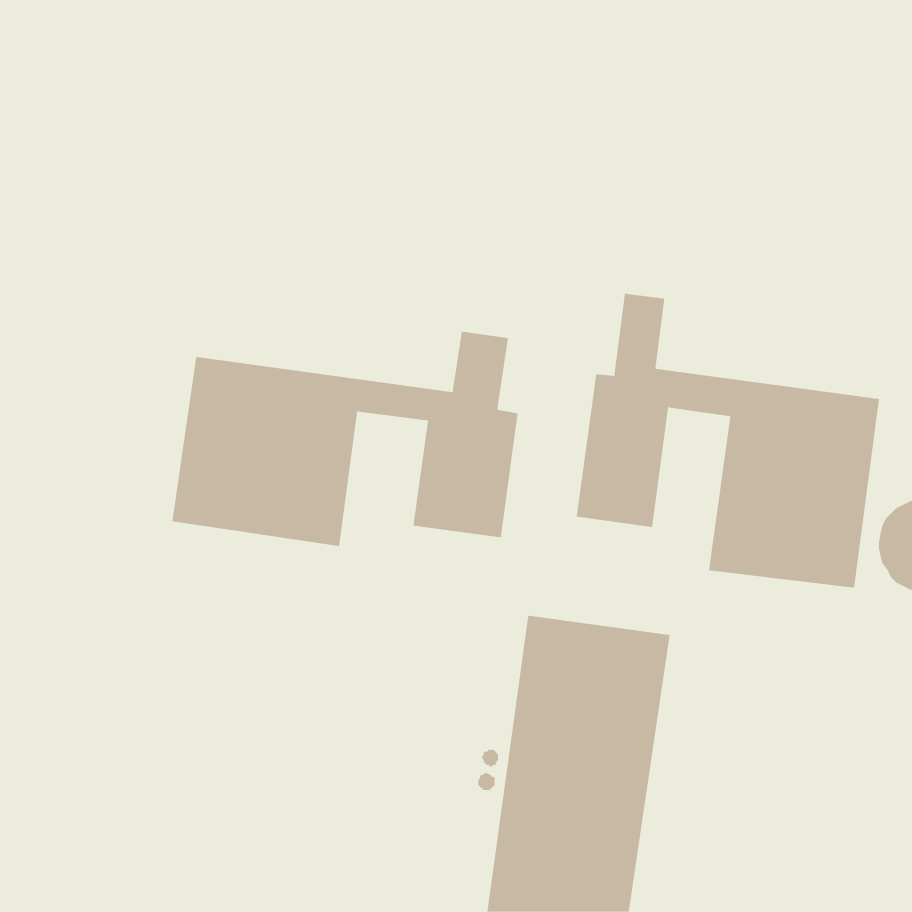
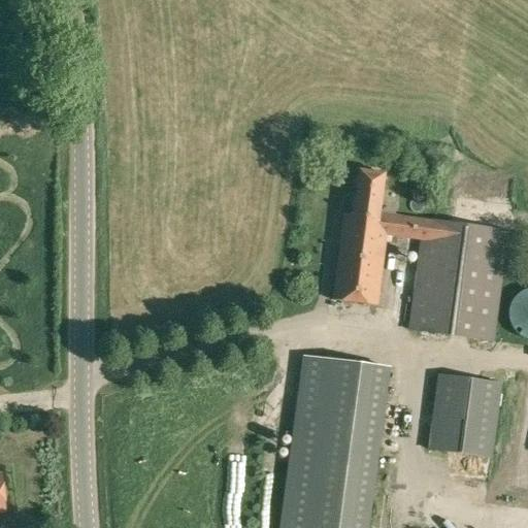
building: [172,331,518,547] -> none
building: none -> [428,374,502,458]

